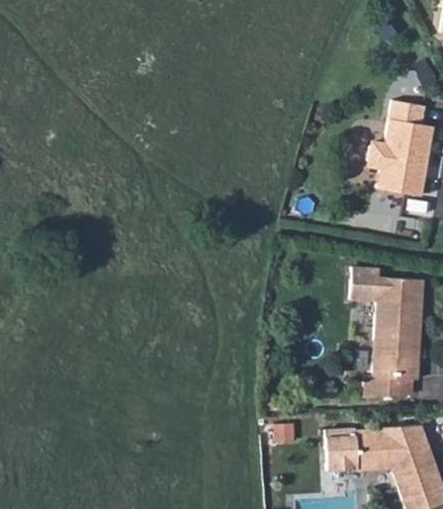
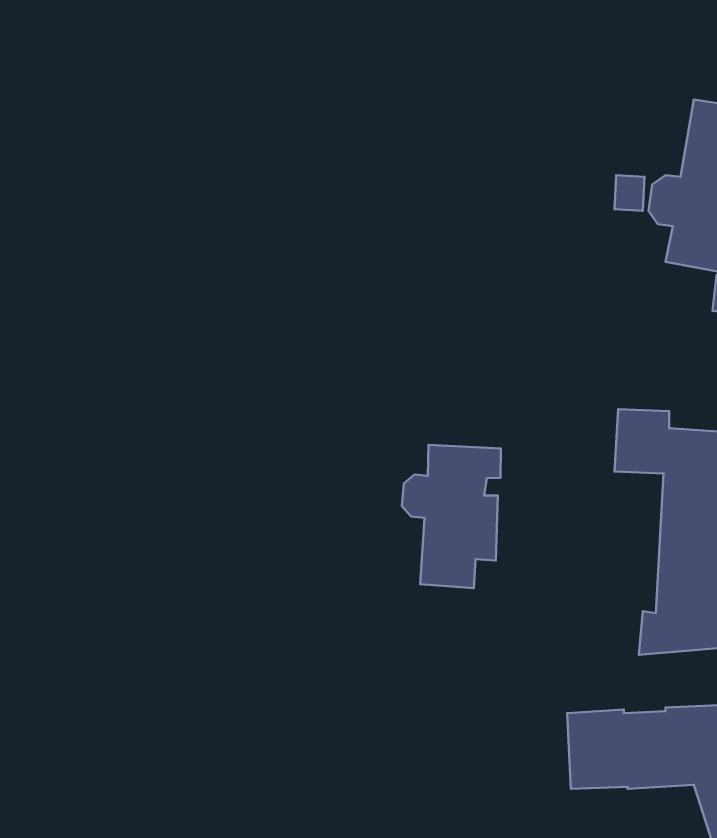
building: none -> [402,445,501,588]

